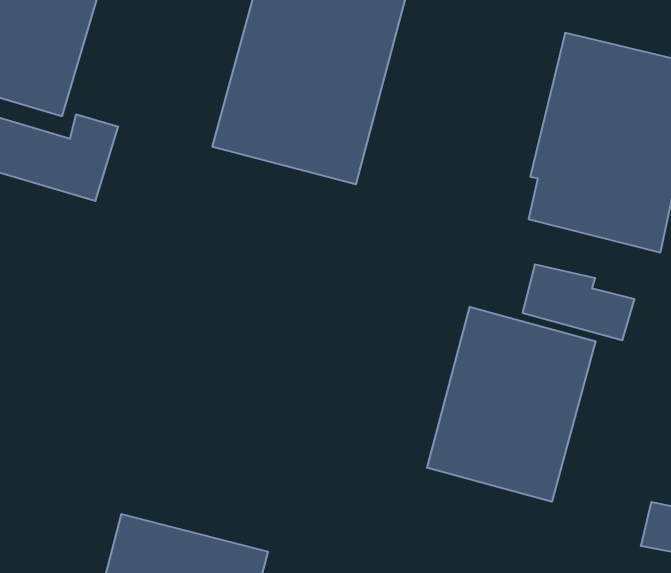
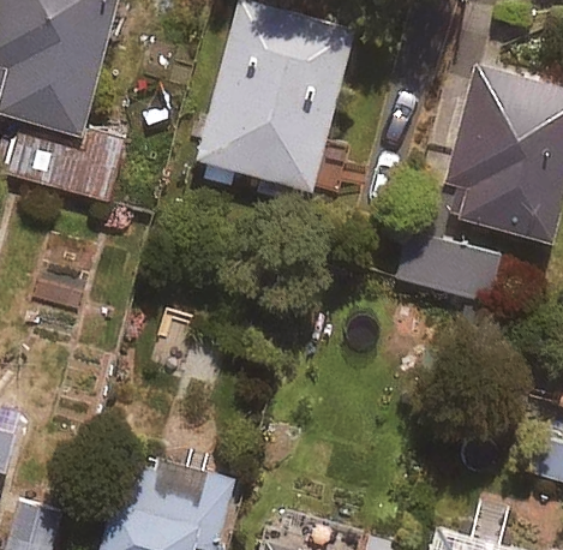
building: [427,307,596,502] -> none

